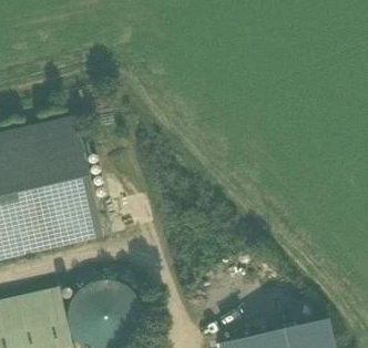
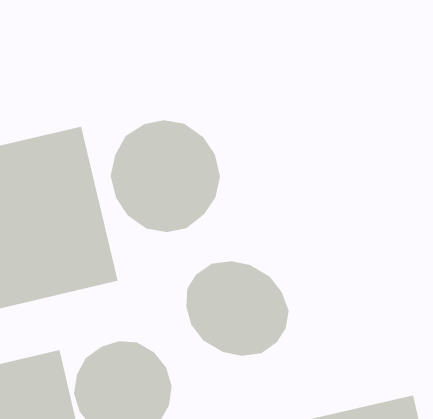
building: none -> [110,120,220,233]
building: none -> [186,260,289,357]

